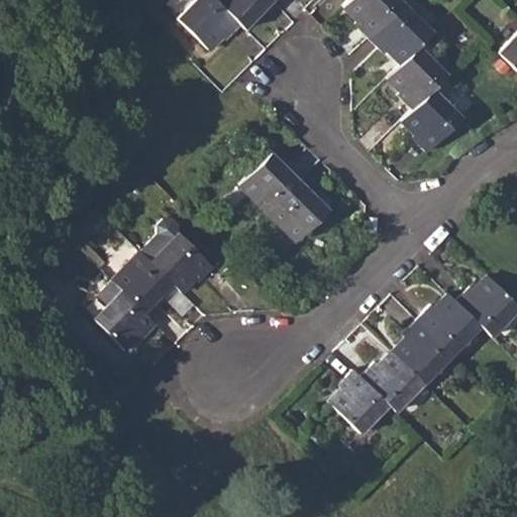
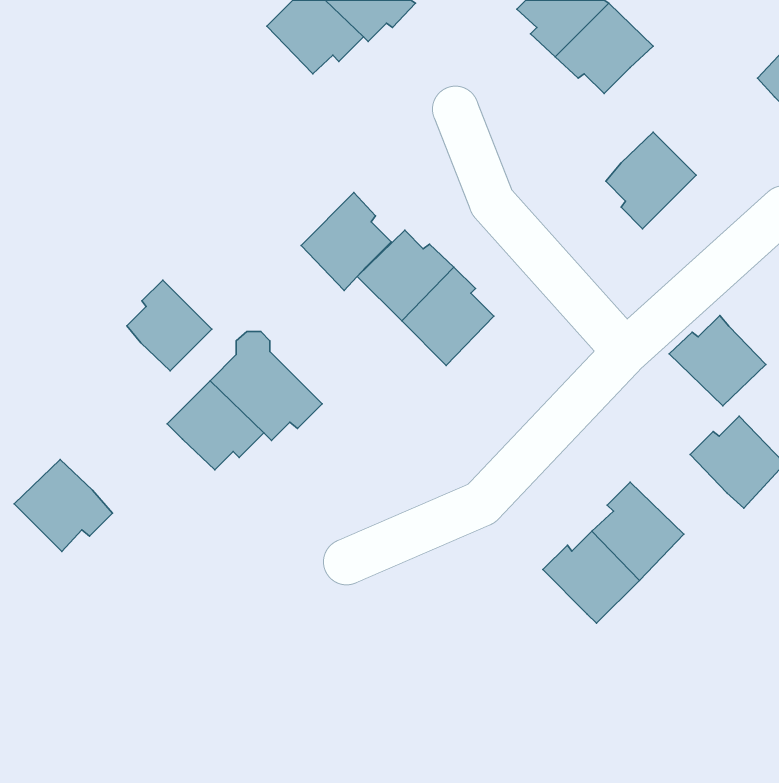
building: [387,45,447,108] -> none
building: none -> [301,193,391,290]
building: none -> [127,280,212,371]
building: [93,290,158,350] -> [14,459,112,551]
building: [418,293,482,352] -> [669,315,766,406]
building: [327,369,390,434] -> none

